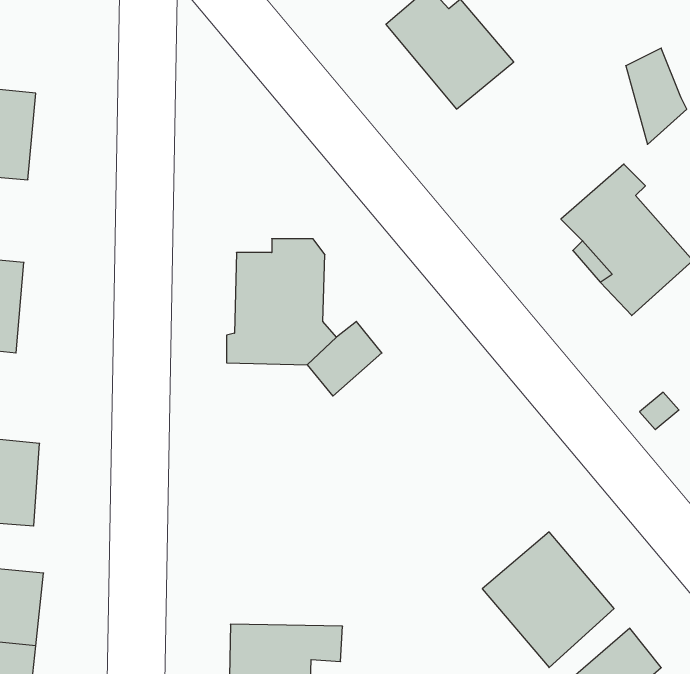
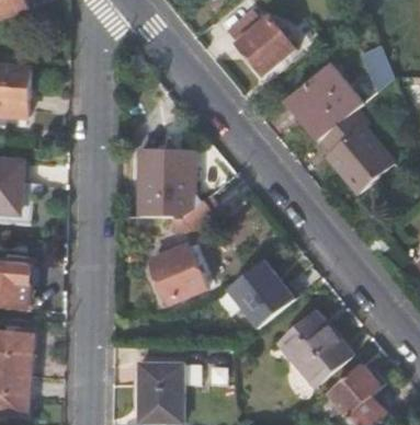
building: none -> [288,60,364,137]
building: none -> [149,243,204,302]
building: none -> [227,261,298,328]

